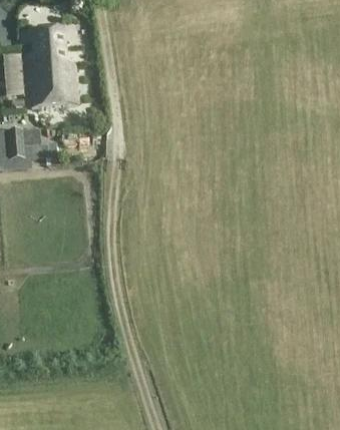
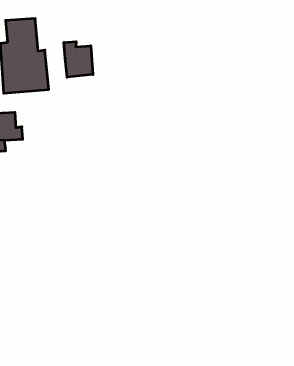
building: none -> [64,42,93,77]

